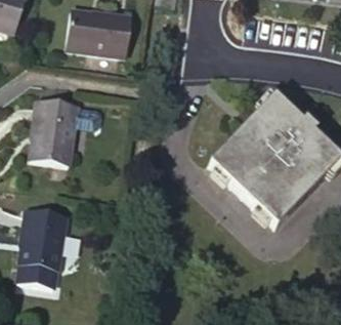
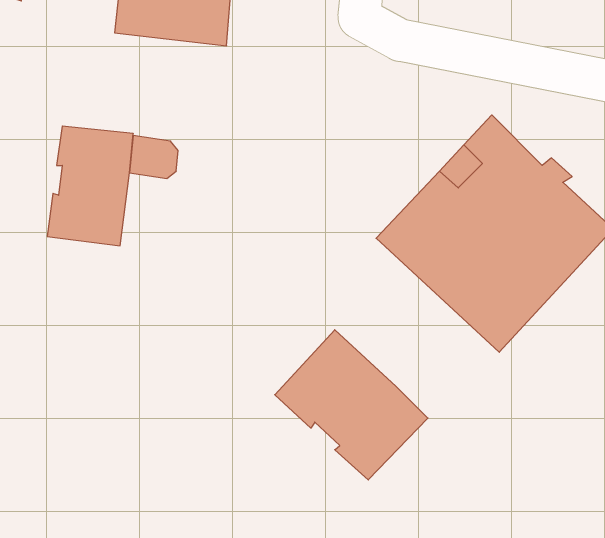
building: [18,207,67,285] -> none
building: none -> [275,330,428,480]

